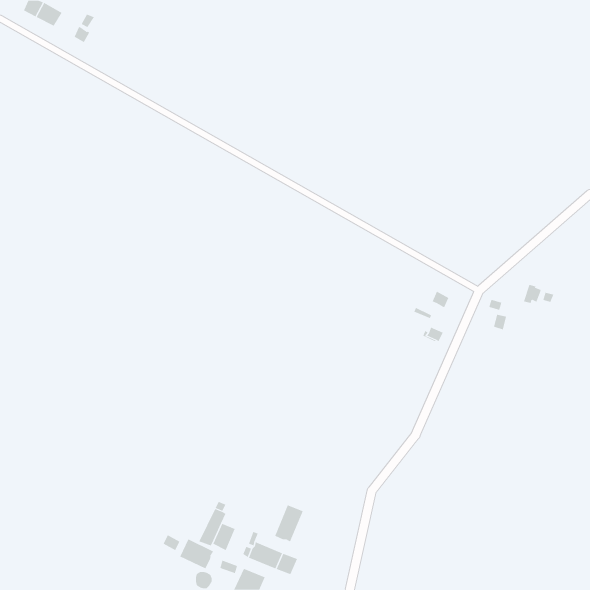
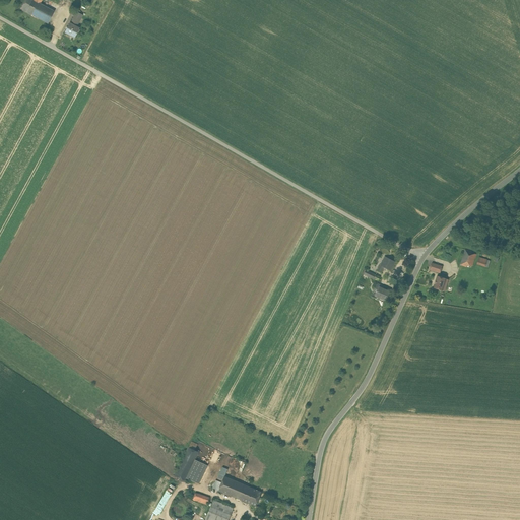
building: [274,505,303,543] -> none
building: [179,539,214,569] -> none

